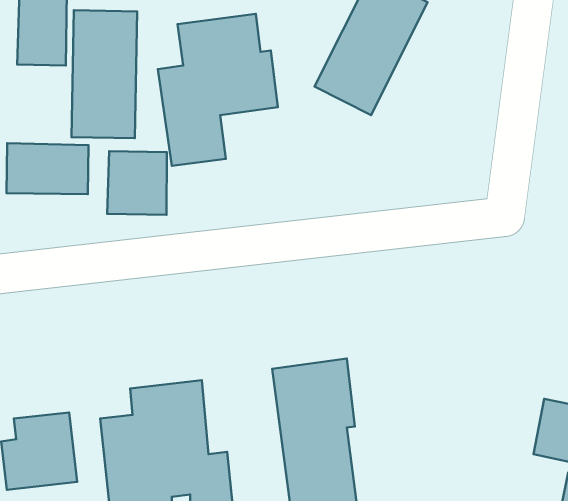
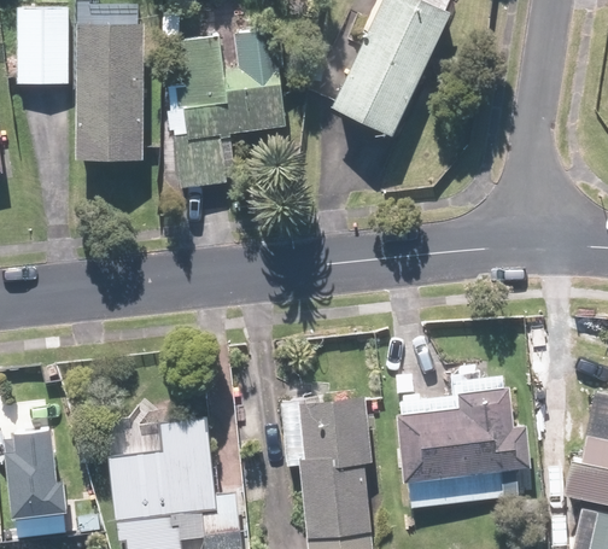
building: [6,143,89,194] -> none
building: [107,151,167,215] -> none
building: none -> [390,385,531,507]

